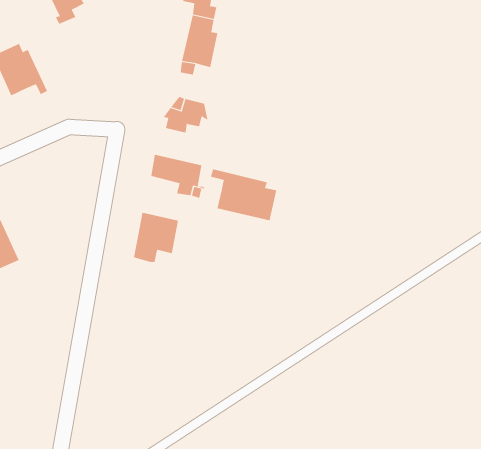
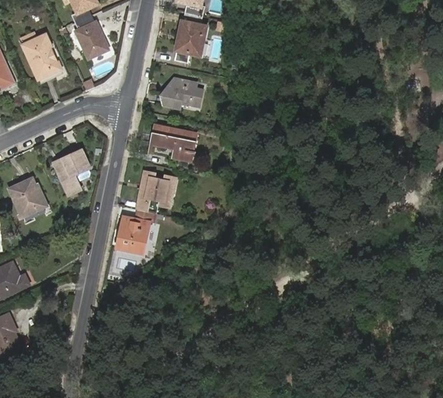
building: none -> [76,15,107,57]
building: [210,169,277,221] -> none
building: none -> [53,151,88,195]
building: none -> [120,210,151,252]

